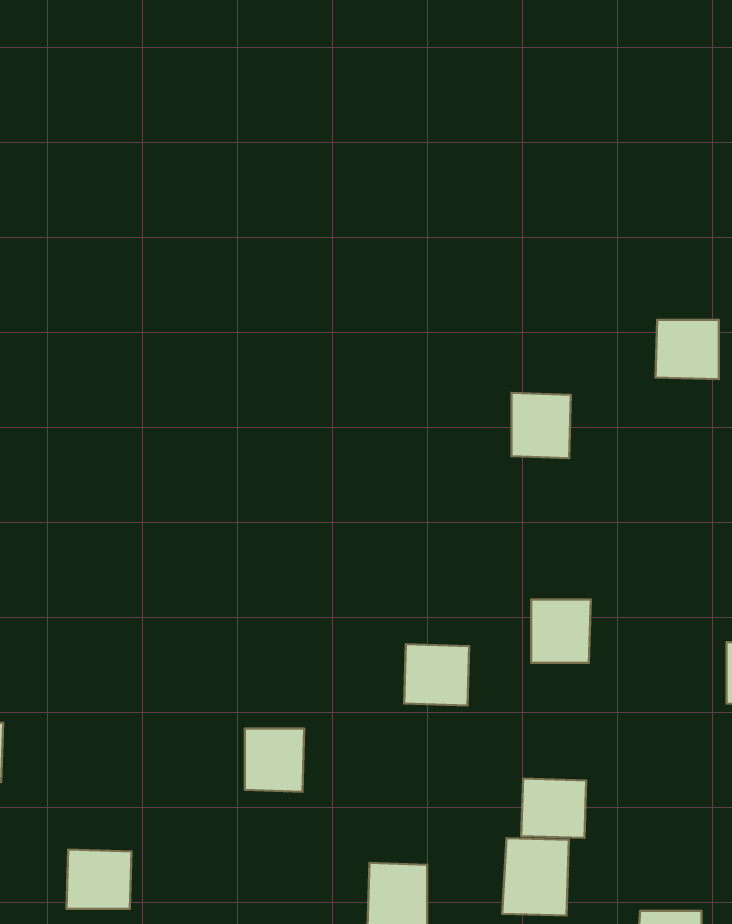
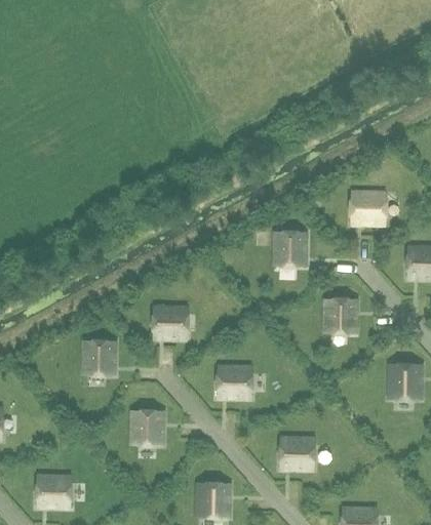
building: none -> [153,305,188,337]
building: none -> [83,339,115,373]
building: [531,600,591,663] -> [324,297,356,331]
building: [502,838,569,916] -> none

